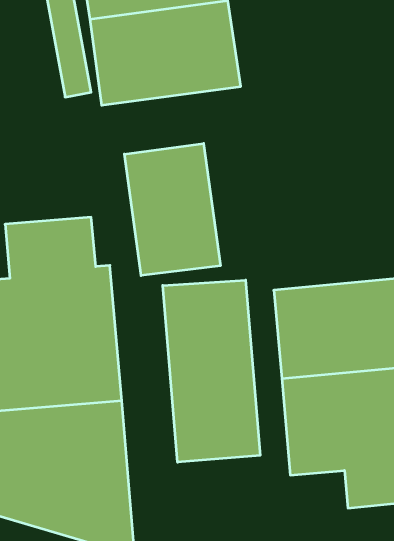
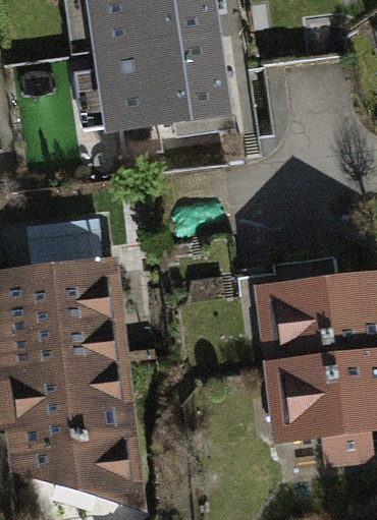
building: [124,143,220,276] -> none
building: [163,280,260,462] -> none

